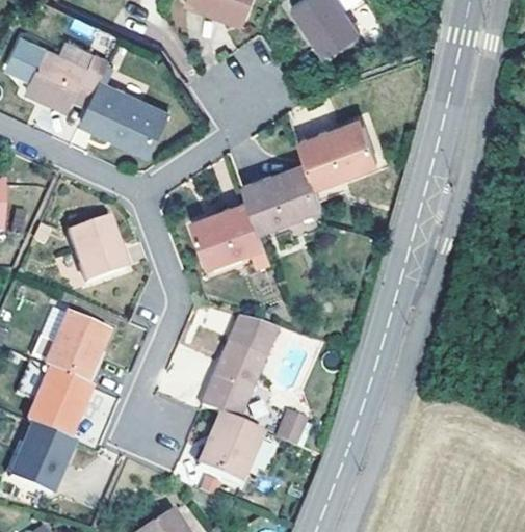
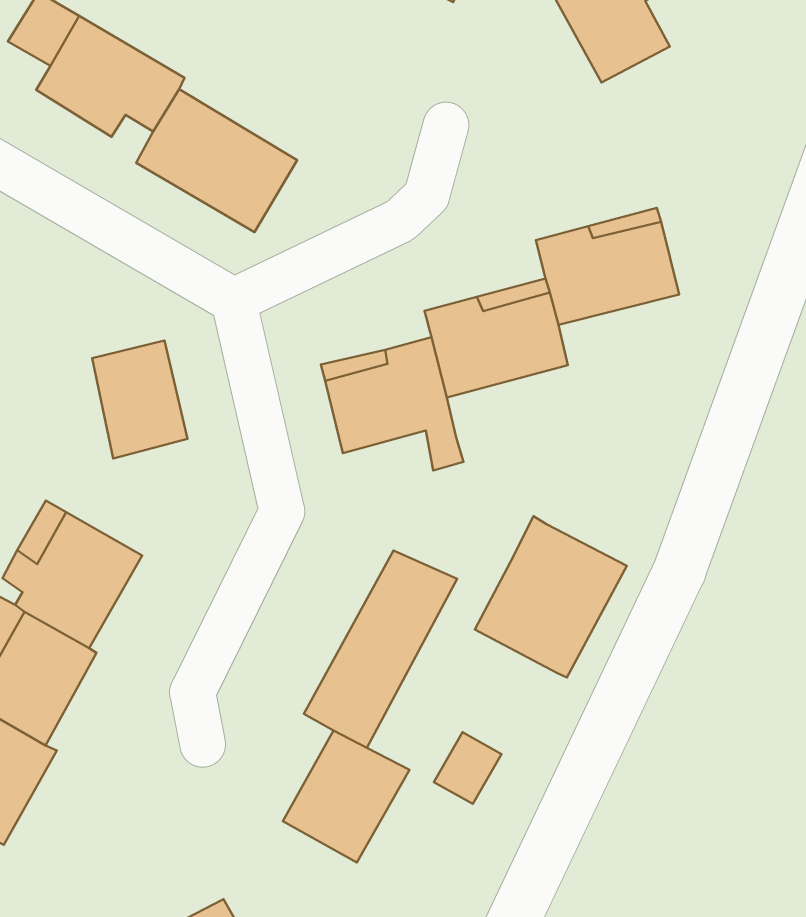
building: none -> [475,516,627,677]

